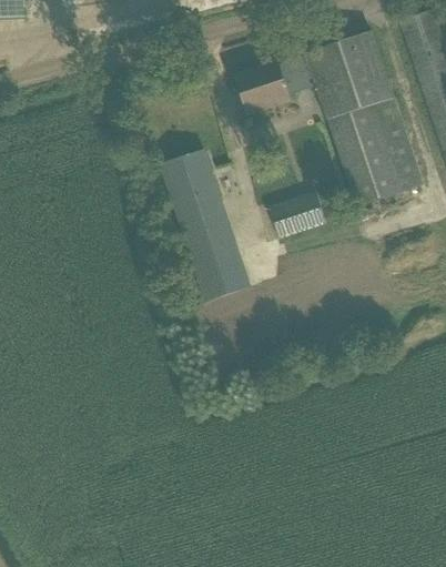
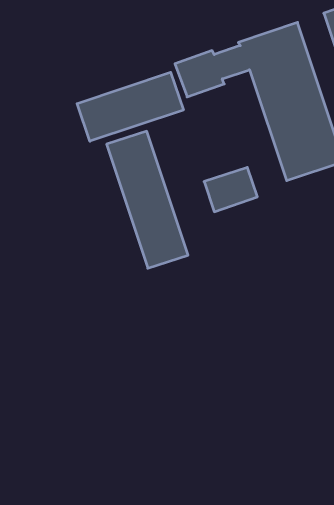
building: none -> [77,72,183,141]

